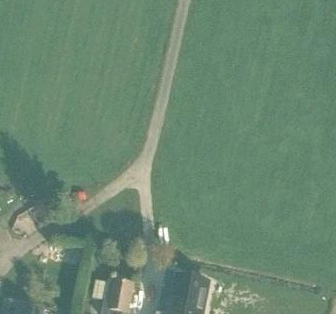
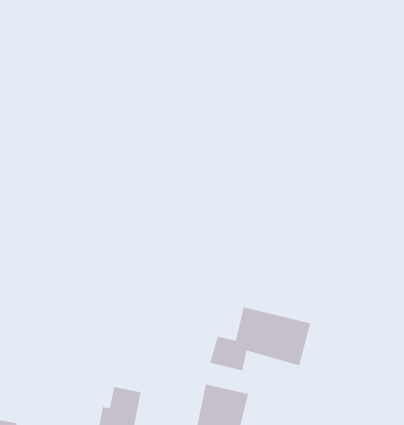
building: none -> [210,306,311,371]

